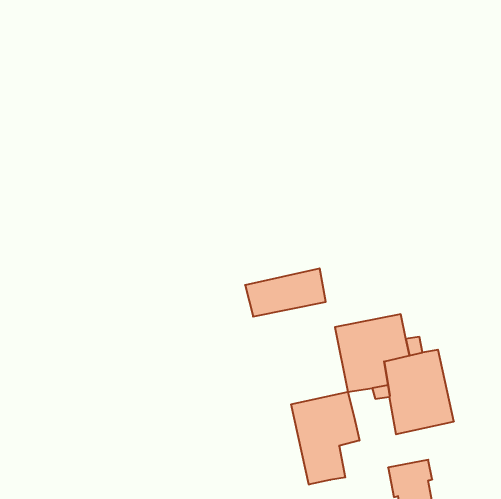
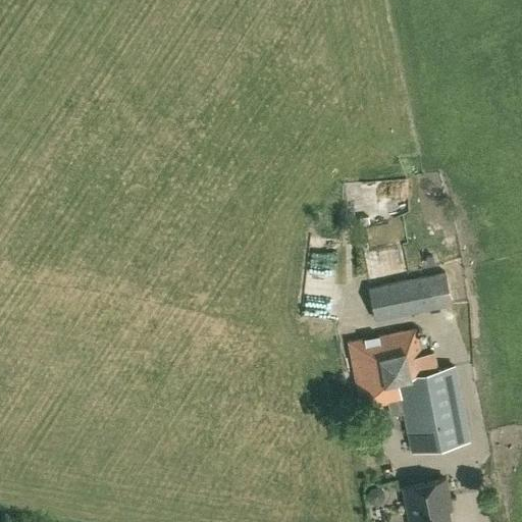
building: [245,268,326,317] -> [368,272,452,322]
building: [291,392,359,485] -> none

